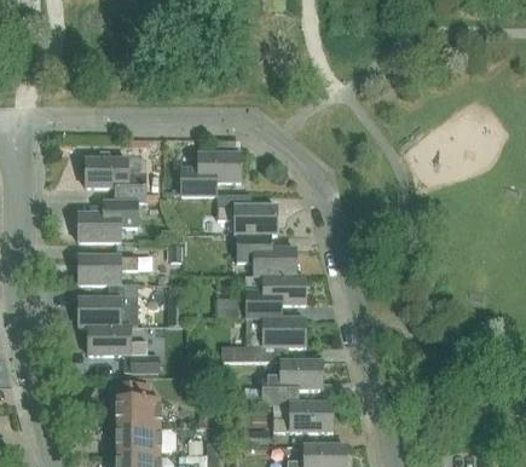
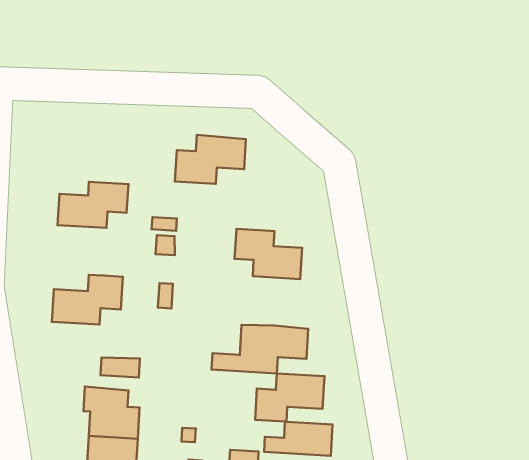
building: [85,157,144,200] -> none
building: [218,192,277,235] -> none
building: [77,254,138,282] -> none
building: [245,275,305,318] -> none
building: [88,325,146,353] -> none

